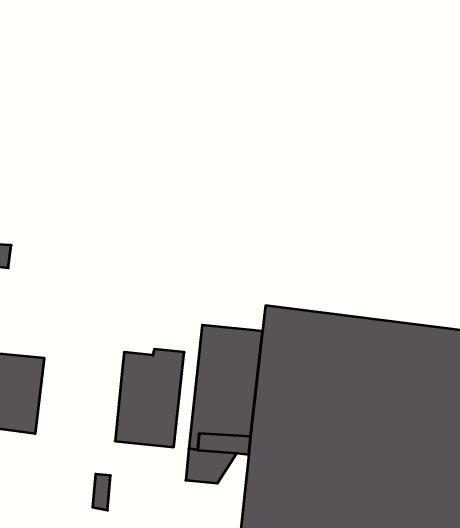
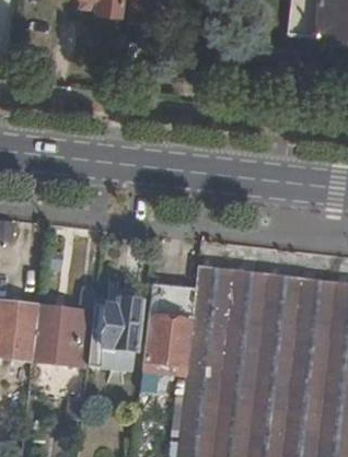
building: none -> [31,304,96,385]

